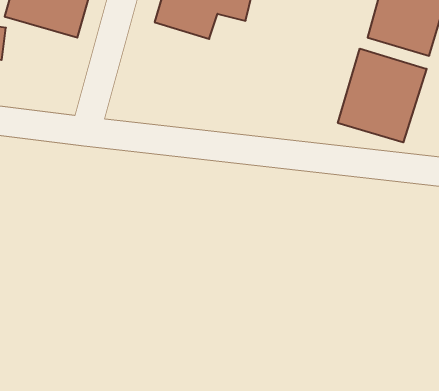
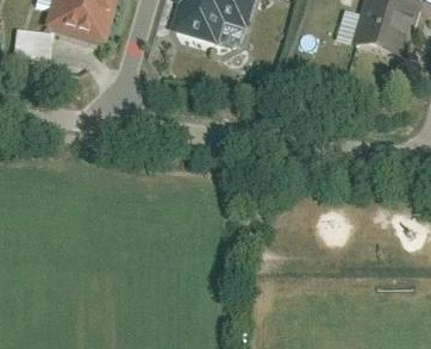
building: [338,49,427,142] -> none

